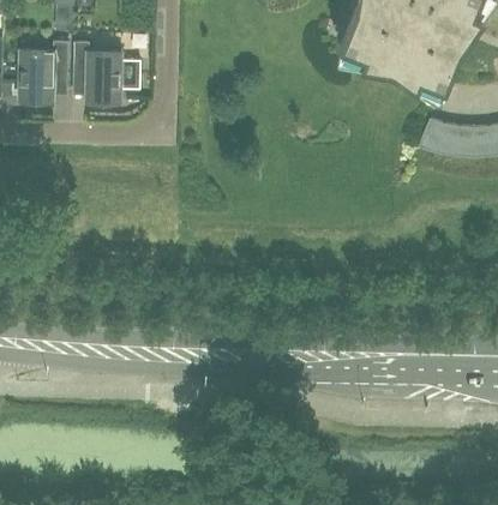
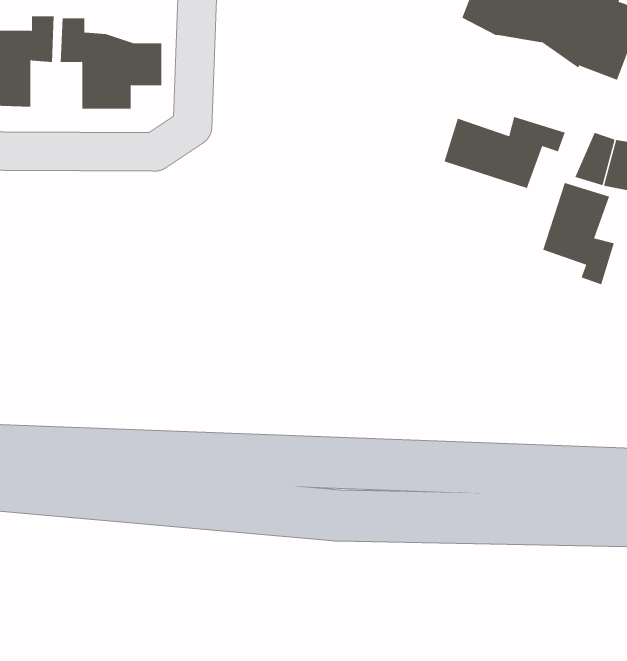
building: none -> [444,116,566,189]
building: none -> [542,182,615,285]

